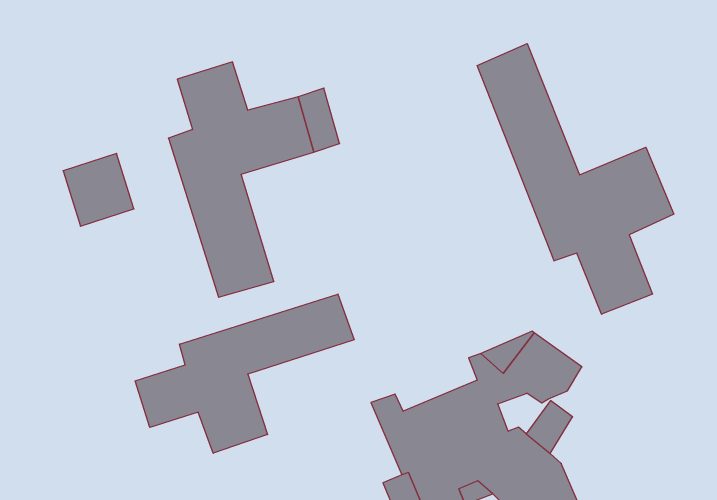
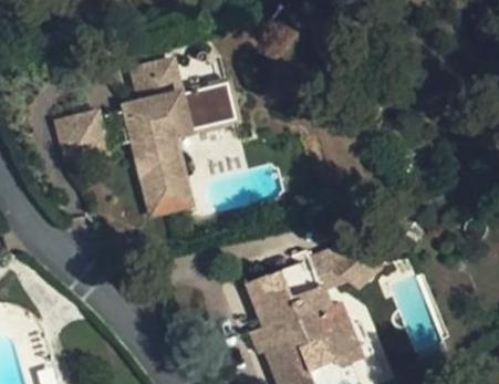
building: [477,44,674,314] -> none
building: [135,294,354,453] -> none

